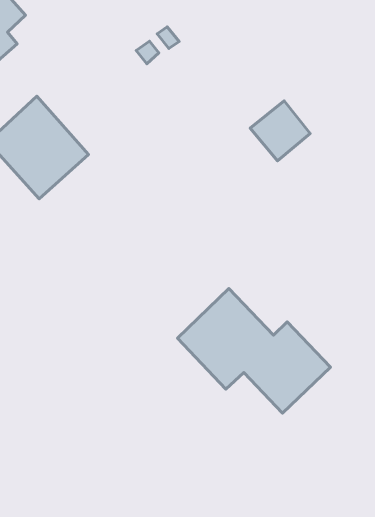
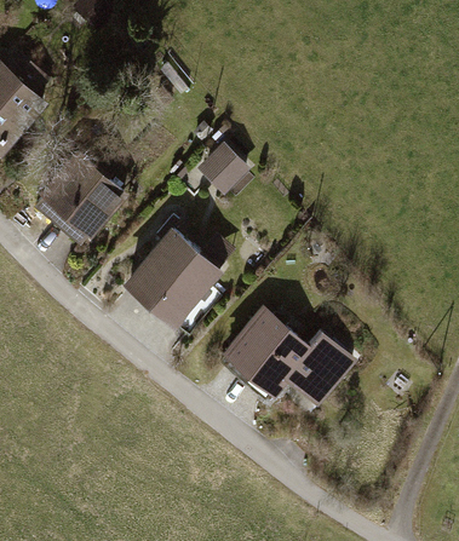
building: [250,101,310,161] -> [197,143,252,197]
building: none -> [117,226,239,328]

